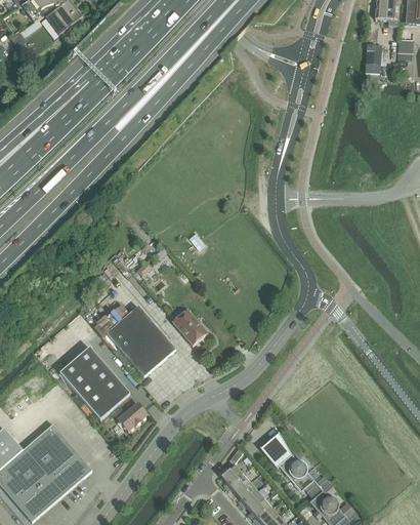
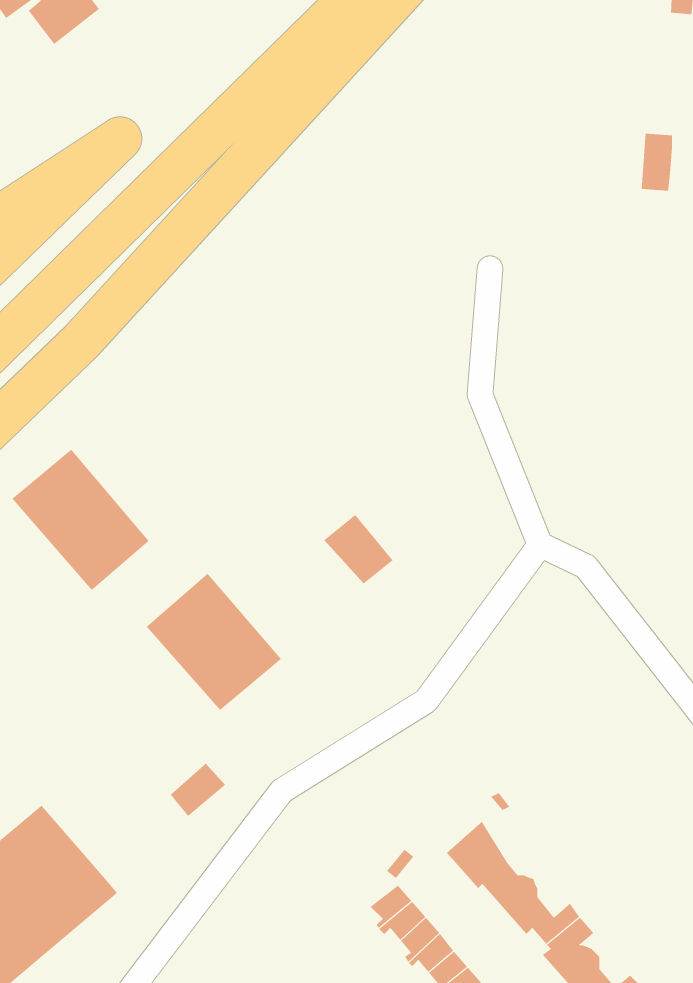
building: [365,44,381,74] -> [641,133,673,191]
building: [172,309,208,345] -> [323,514,393,584]
building: [59,348,130,420] -> [12,449,150,591]

